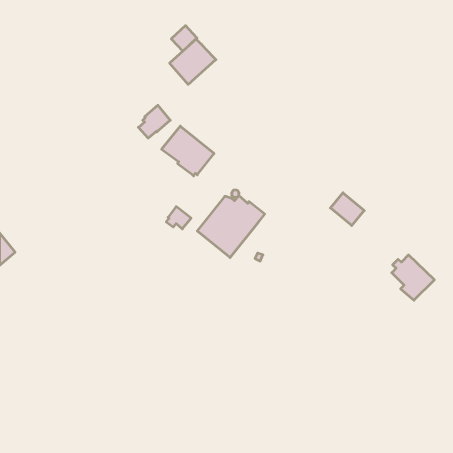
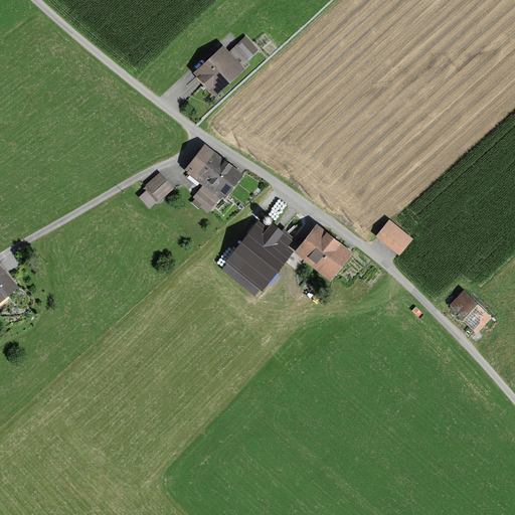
building: [171,26,197,51] -> [228,36,258,65]
building: [138,105,170,138] -> [137,172,173,209]
building: none -> [293,224,352,282]
building: [166,207,191,229] -> [190,186,218,211]

